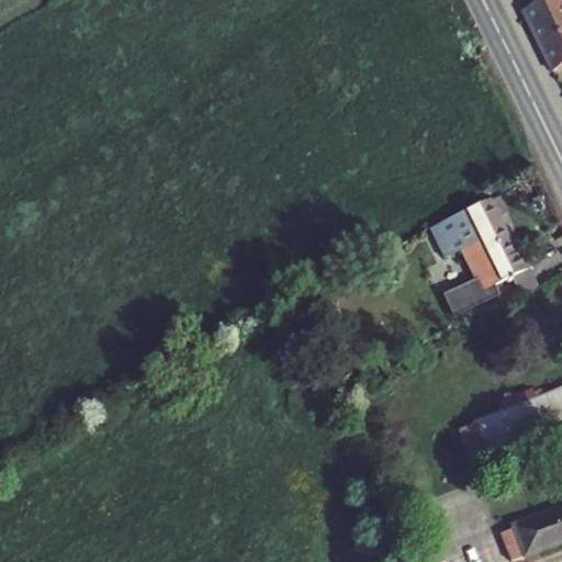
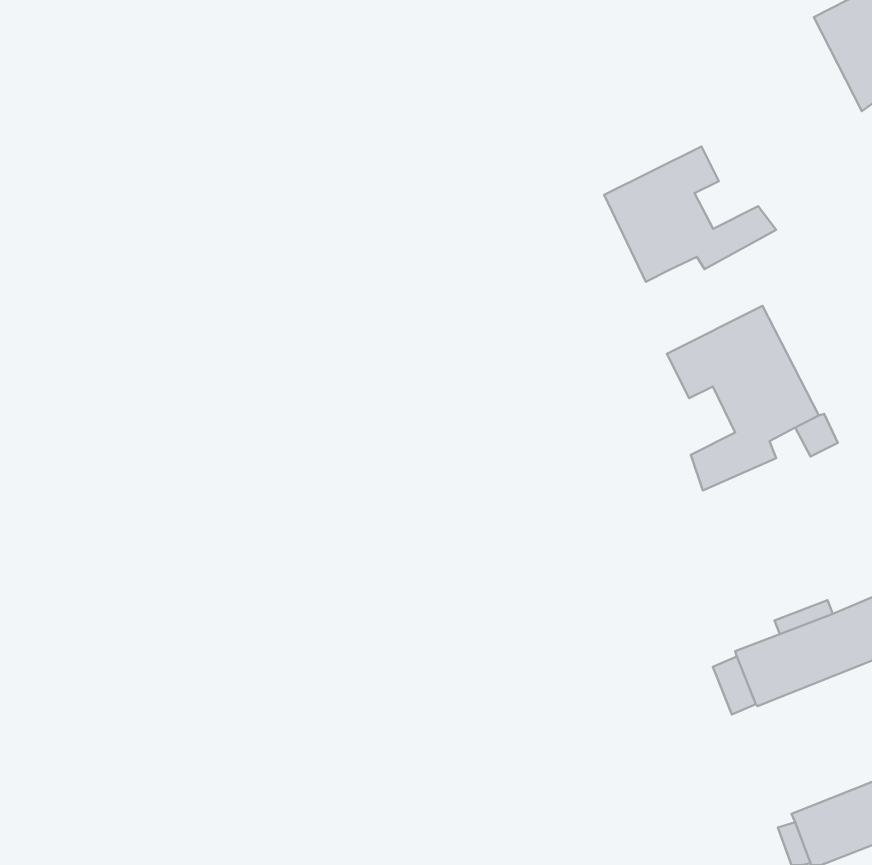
building: none -> [604,146,776,282]

